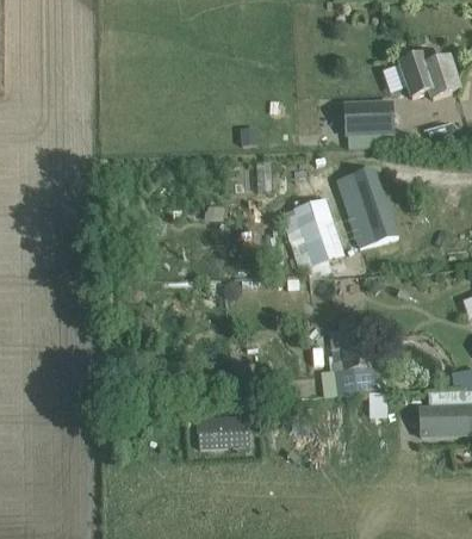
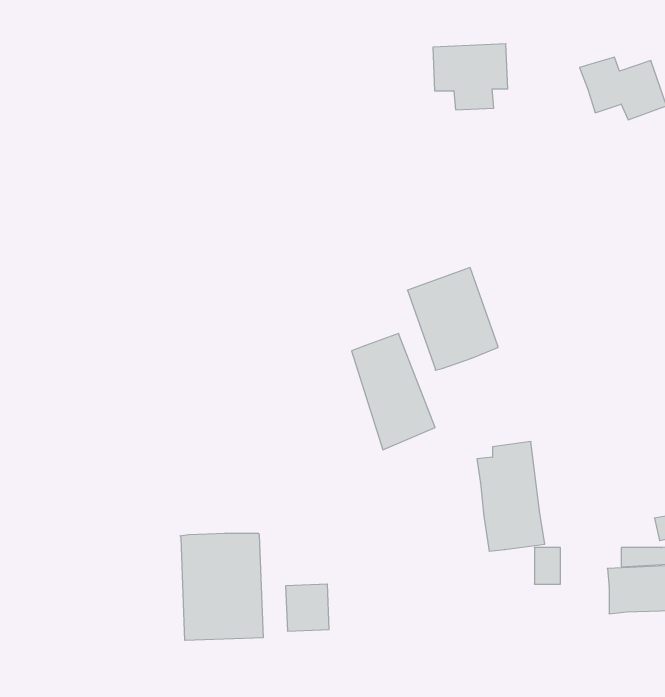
building: [343,103,395,148] -> [433,44,508,110]
building: [339,167,396,247] -> [352,333,435,450]
building: none -> [180,533,263,640]

